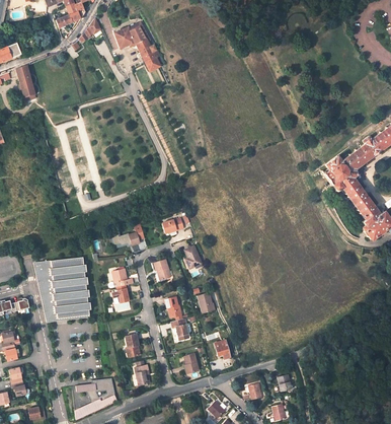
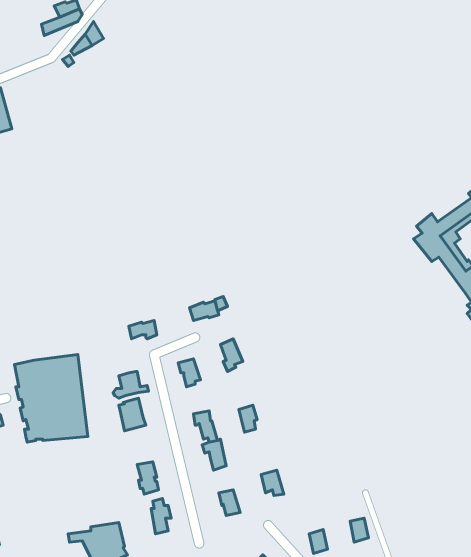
building: [113,25,160,71] -> none

